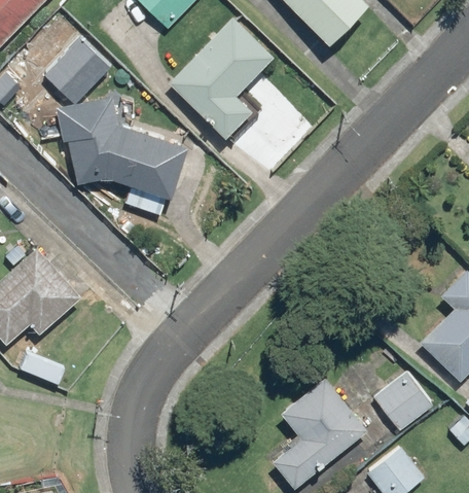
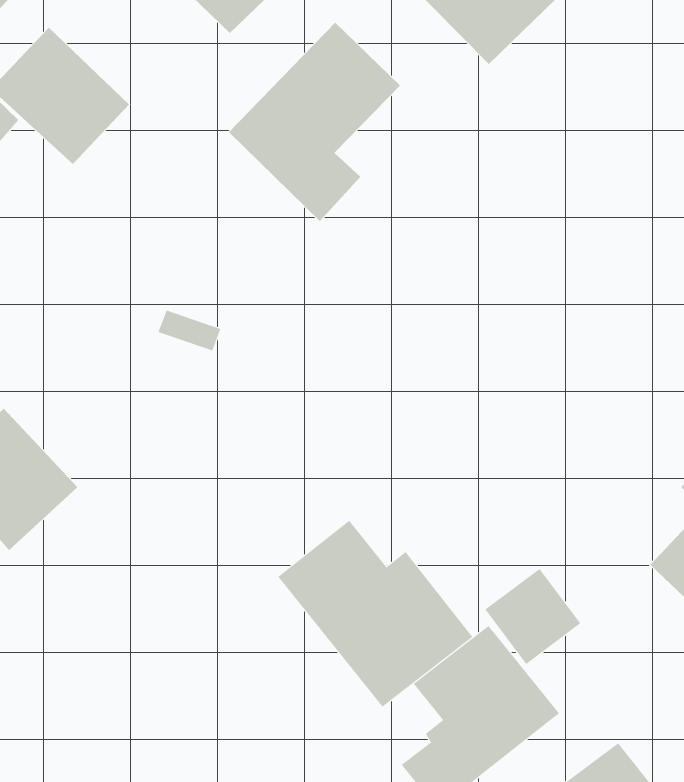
building: [56,98,187,201] -> none
building: none -> [277,520,473,707]
building: [378,371,436,428] -> [484,568,581,665]

